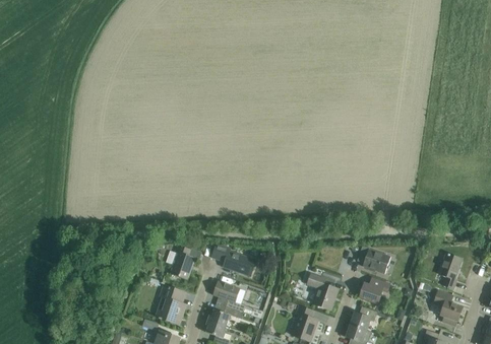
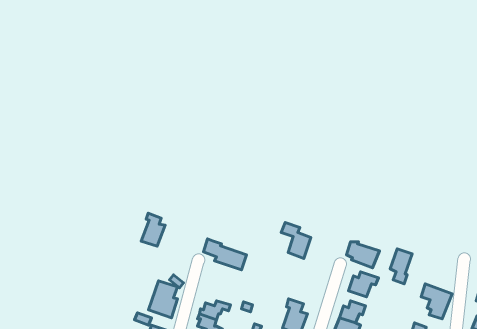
building: [170,246,194,279] -> [141,213,165,246]
building: [438,254,461,289] -> [390,249,412,284]
building: [306,274,336,311] -> [281,222,311,258]
building: [212,282,245,313] -> none

